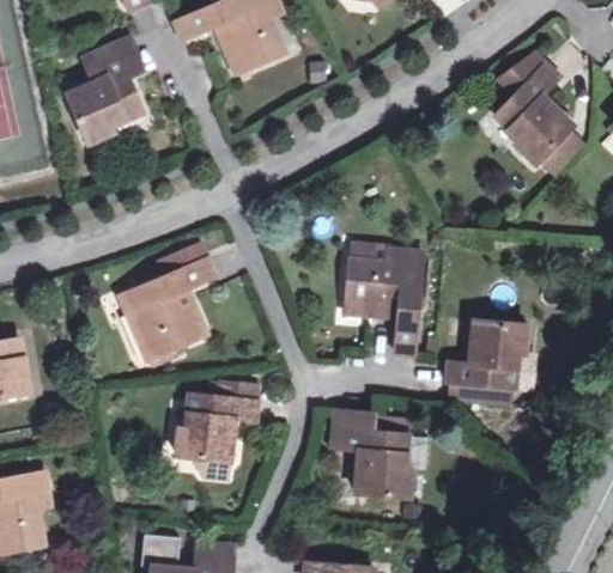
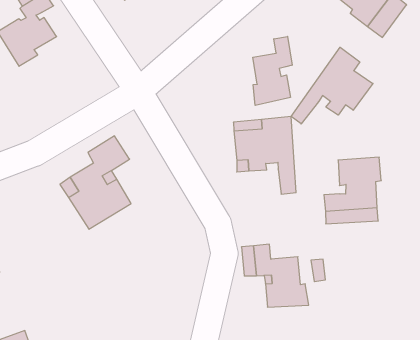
building: none -> [253,36,292,105]
building: none -> [291,47,373,124]
building: [171,382,249,481] -> none

